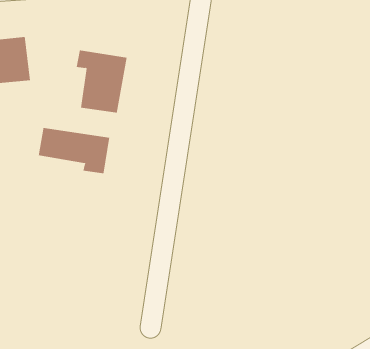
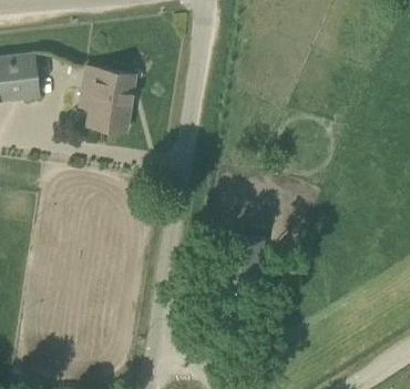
building: [38,127,110,174] -> none

